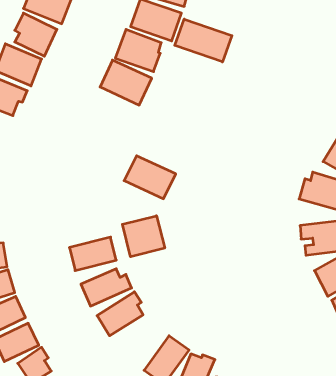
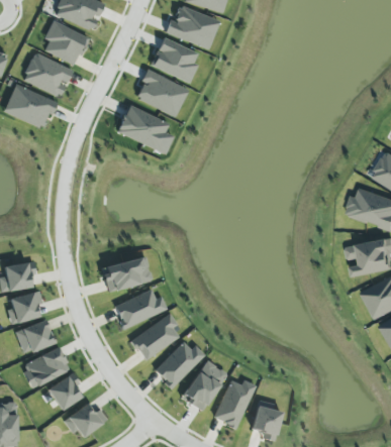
building: [175,19,232,62] -> none
building: [124,156,176,199] -> [116,105,171,150]
building: [122,216,165,257] -> none
building: none -> [155,341,205,388]

